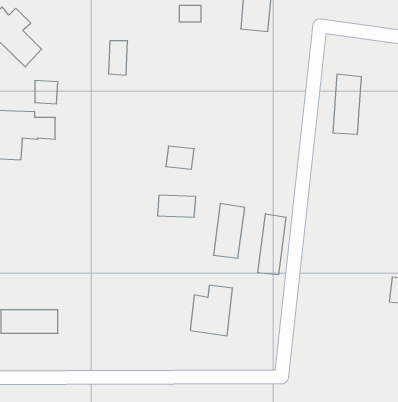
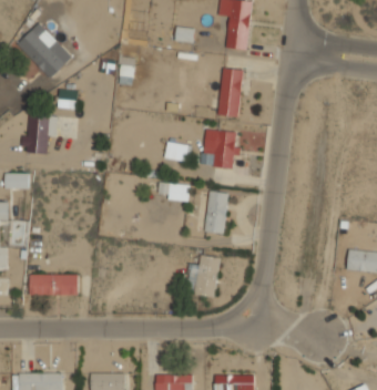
building: [333,74,361,134] -> [218,69,242,117]
building: none -> [200,131,238,170]
building: [258,214,286,275] -> none

